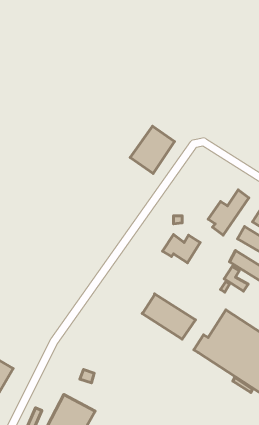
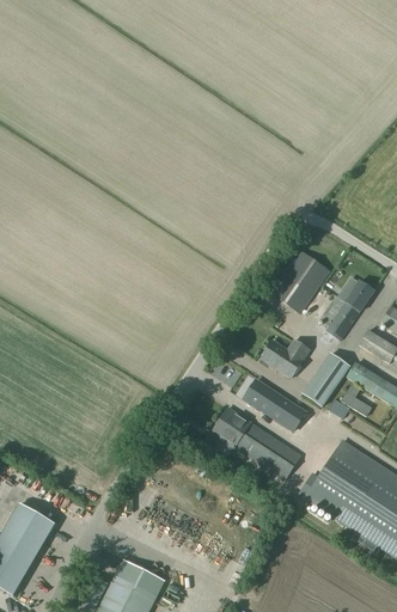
building: [130,126,175,173] -> [270,250,330,313]
building: none -> [294,355,344,411]
building: none -> [249,381,299,424]
building: none -> [212,408,248,445]

